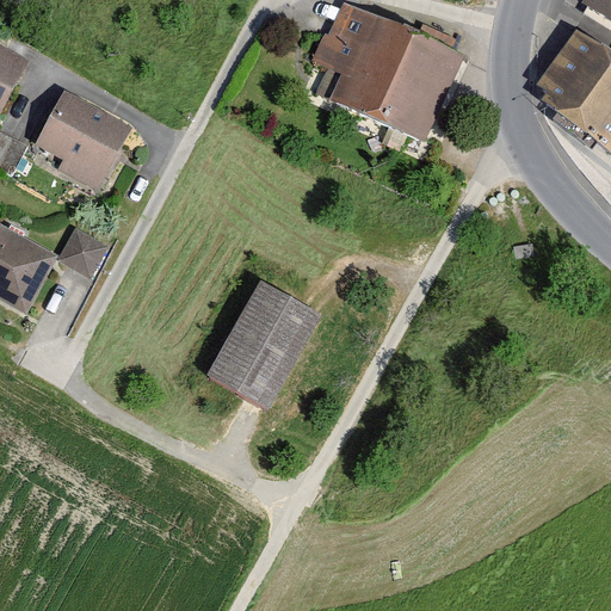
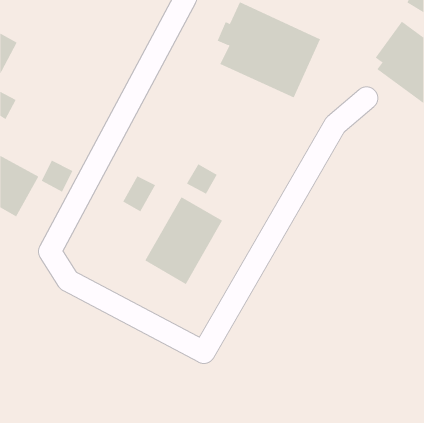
building: [36,91,128,187] -> none
building: none -> [186,163,217,195]
building: none -> [122,175,156,212]

